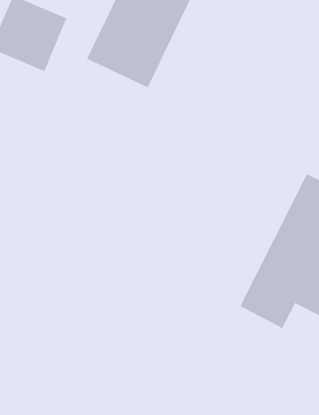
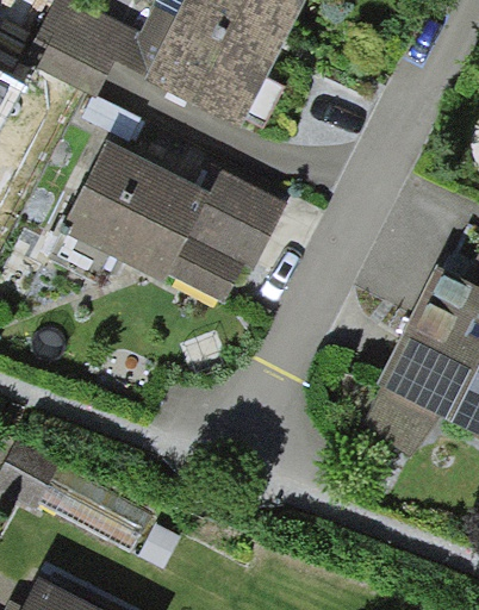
building: none -> [66,144,282,294]

